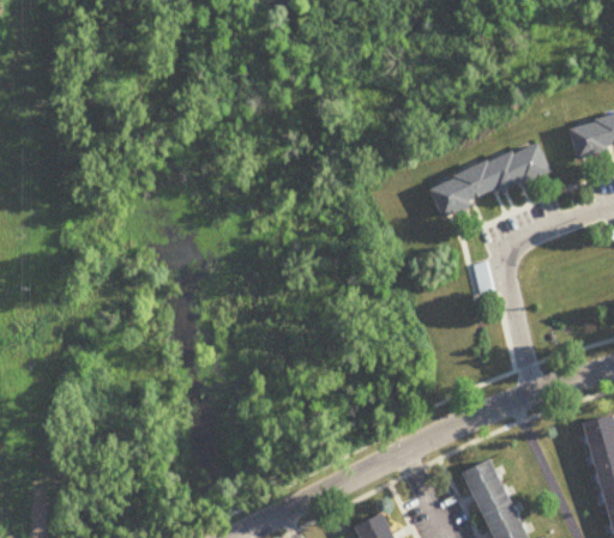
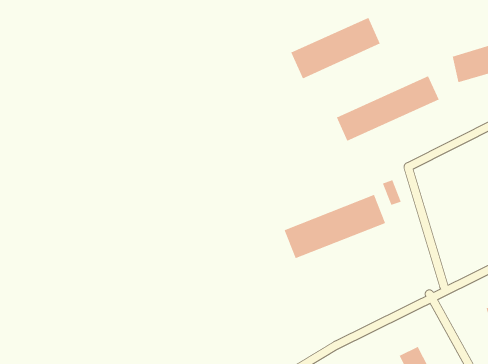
building: none -> [290,17,381,79]
building: none -> [283,194,386,259]

